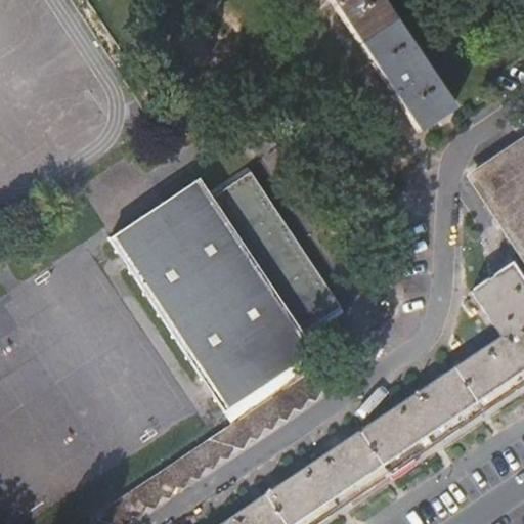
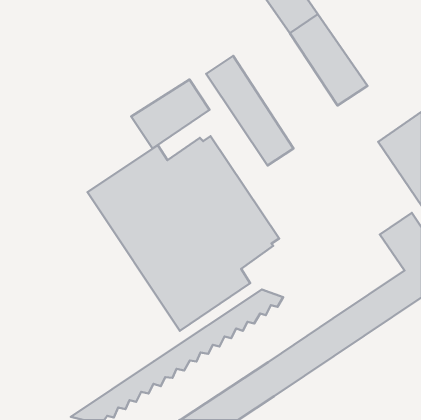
building: none -> [206,56,294,165]
building: none -> [131,79,210,149]

